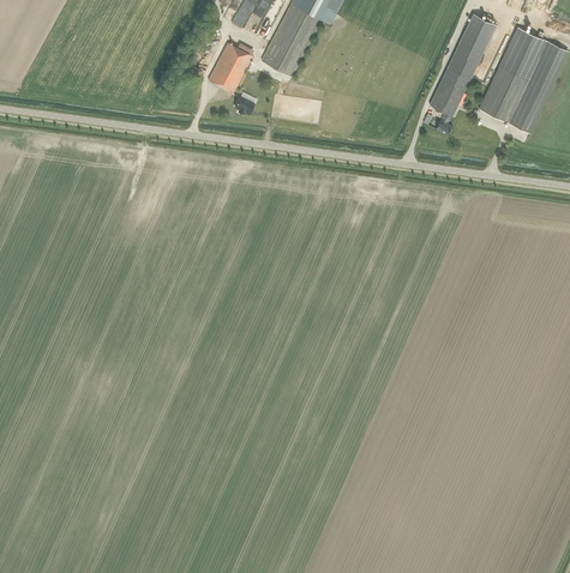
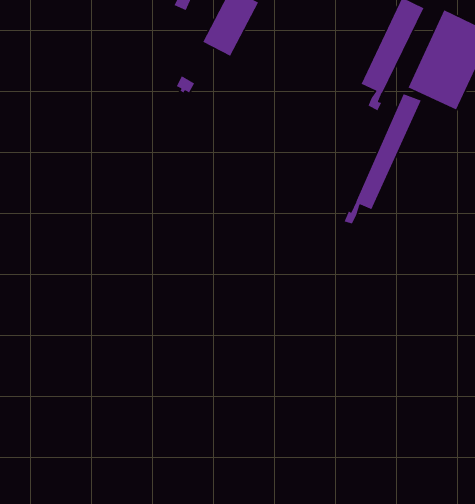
building: [208,42,253,92] -> none
building: none -> [344,93,422,224]

